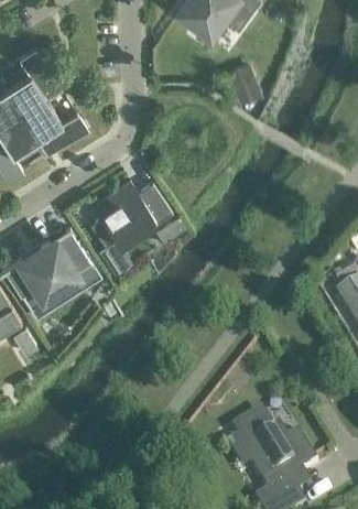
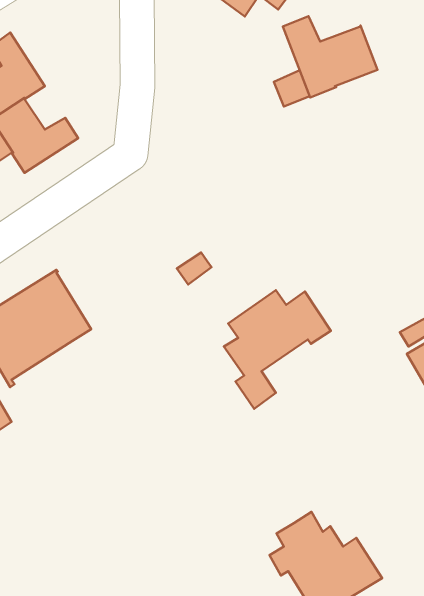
building: none -> [283,16,377,97]
building: [91,182,173,272] -> [224,290,331,409]

